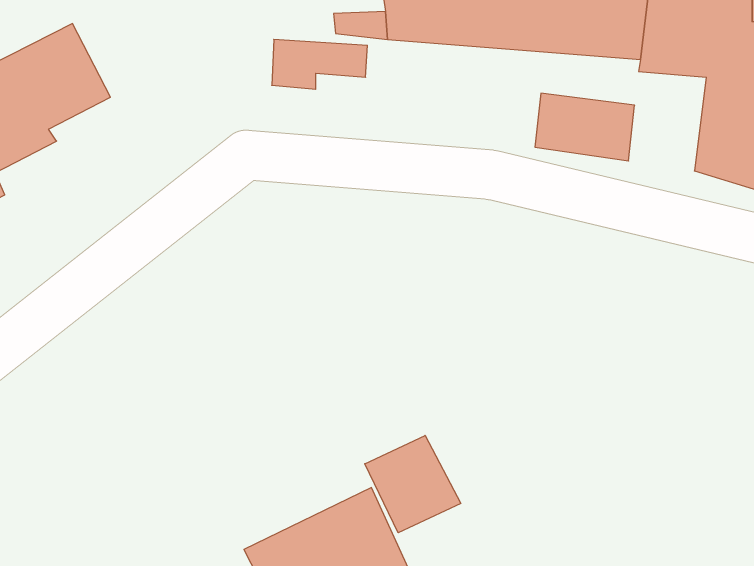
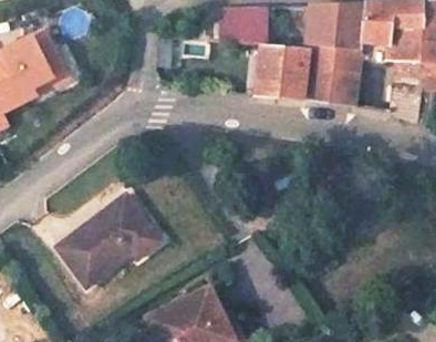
building: none -> [255,44,308,97]
building: none -> [56,194,160,286]
building: [365,435,461,533] -> none

